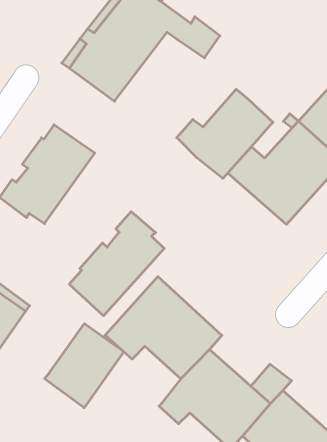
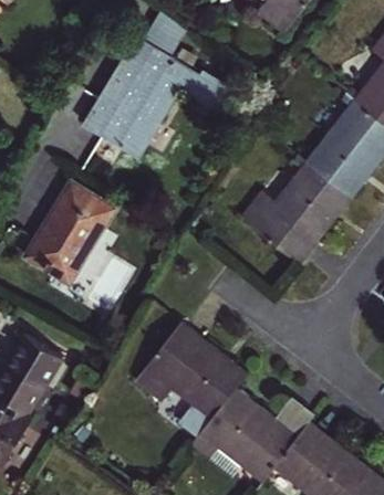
building: [177,89,273,178] -> none
building: [69,212,164,316] -> none
building: [45,324,124,408] -> none

